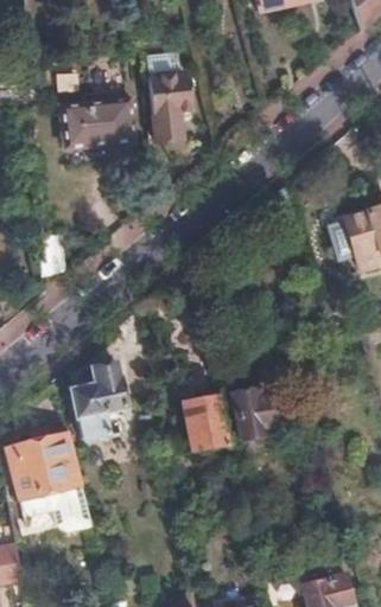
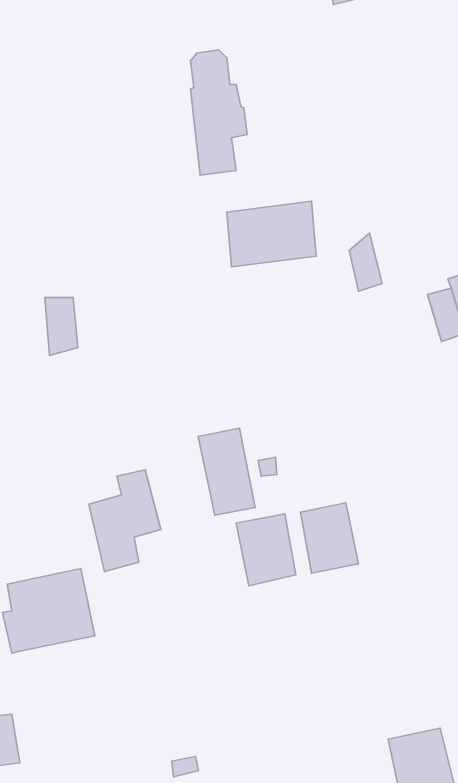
building: [62,97,129,147] -> [227,201,316,267]
building: none -> [198,428,255,515]
building: [19,488,84,535] -> none

